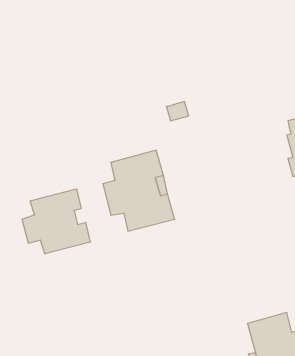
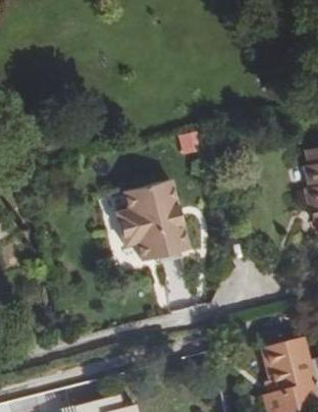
building: [22,189,90,254] -> none

